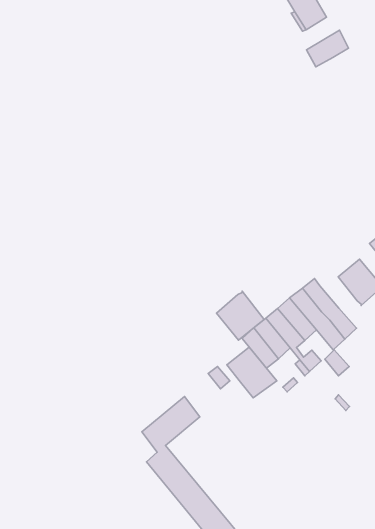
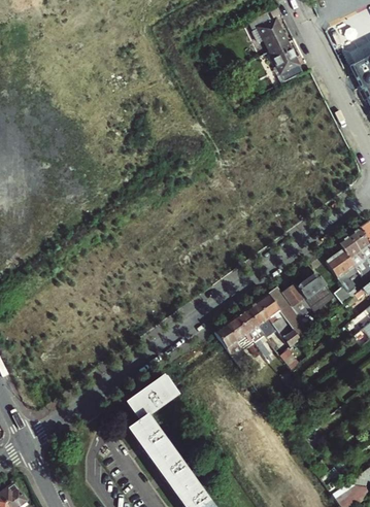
building: [306,30,348,67] -> none
building: none -> [282,283,315,314]
building: [216,291,264,340] -> none
building: [227,347,277,398] -> none

